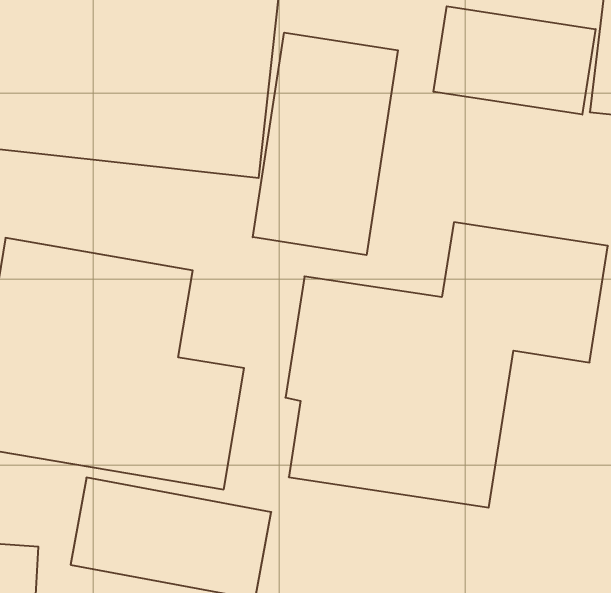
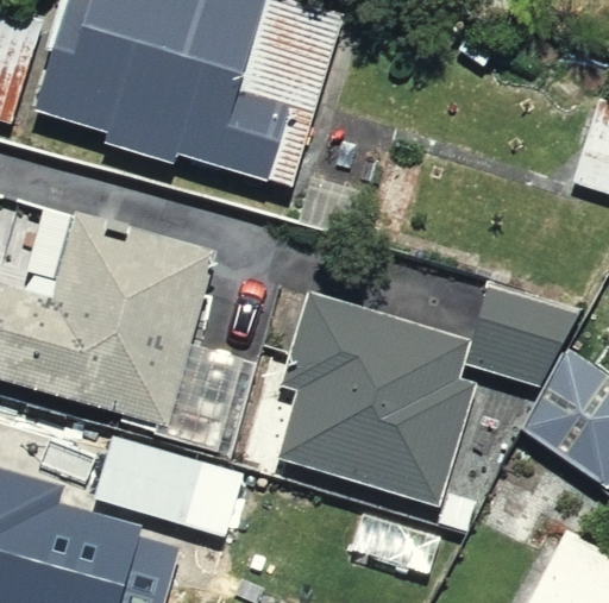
building: [433,6,596,115] -> none
building: [253,33,398,255] -> none

